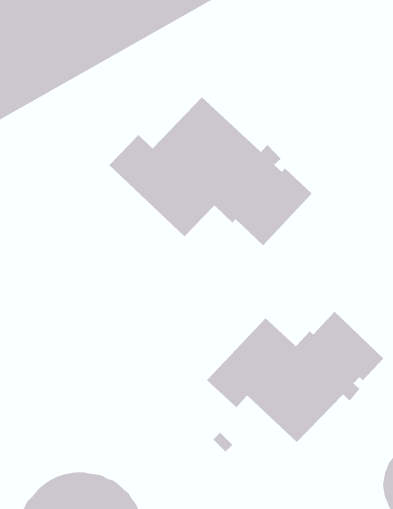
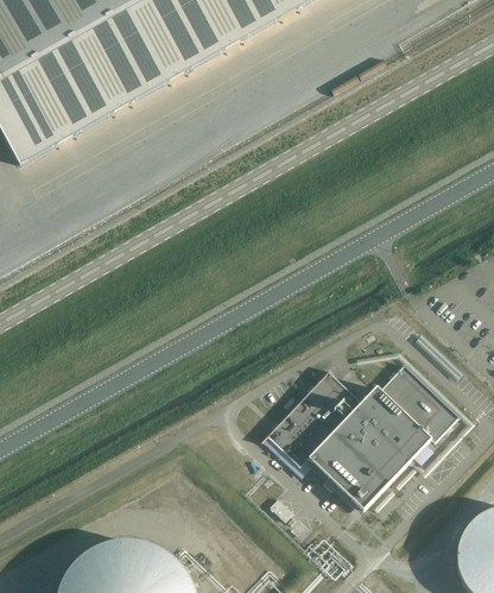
building: [108,97,313,246] -> none

